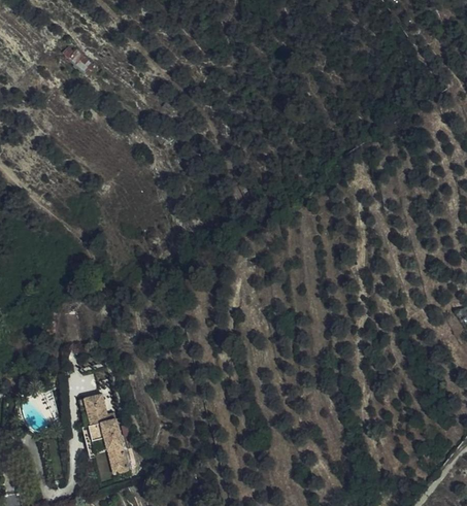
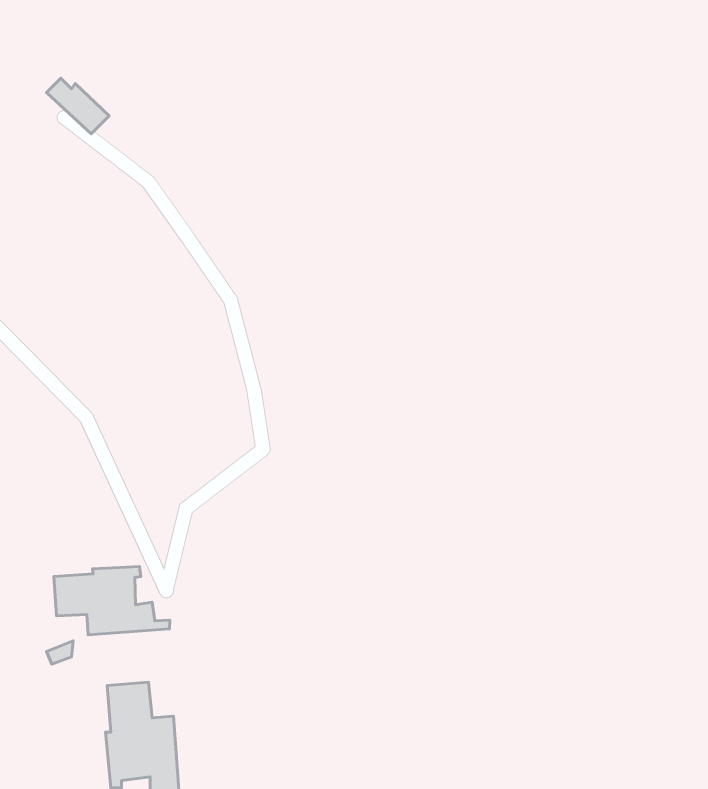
building: none -> [54,566,170,635]

